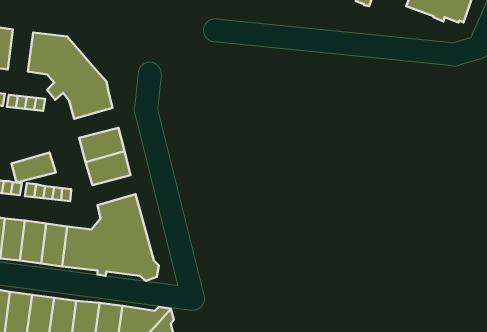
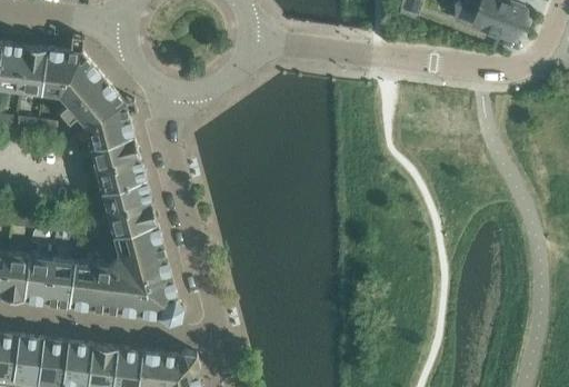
building: none -> [16,46,43,92]
building: [11,152,56,183] -> [89,132,138,166]
building: none -> [109,207,157,240]

